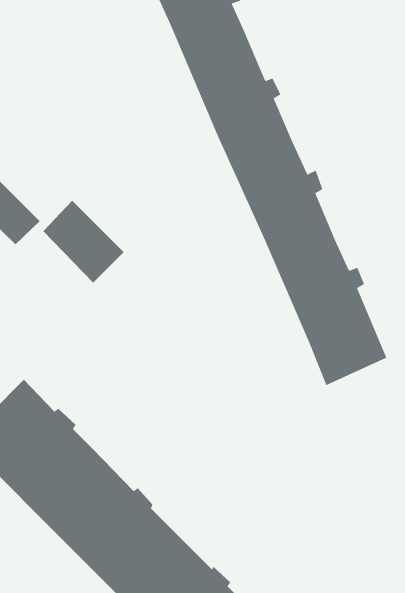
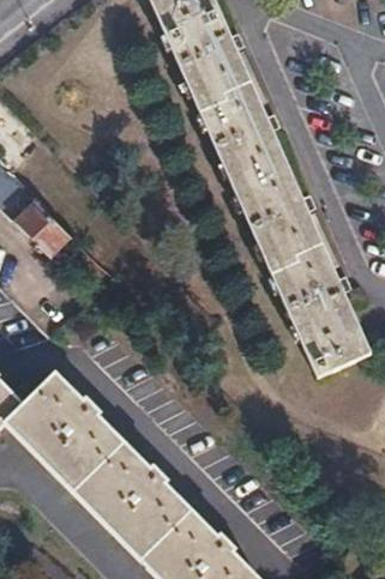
building: [43,200,124,283] -> none

